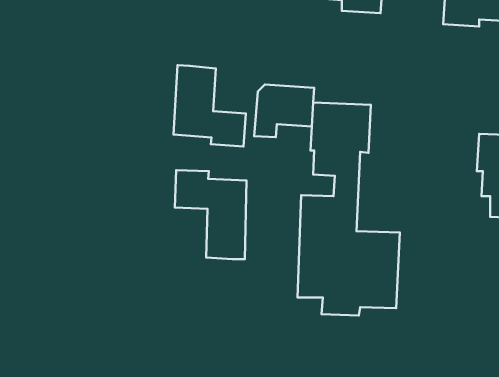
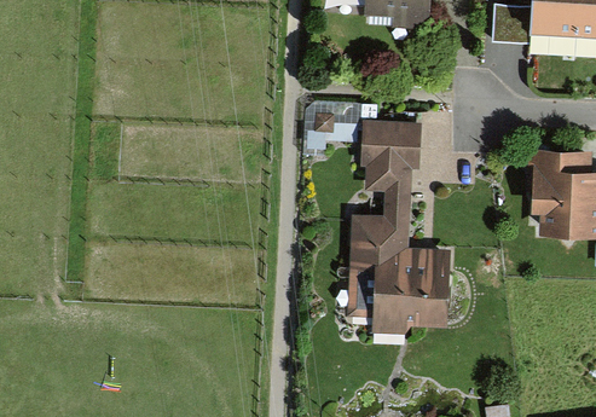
building: [173,65,246,146] -> none
building: [175,170,247,259] -> none

